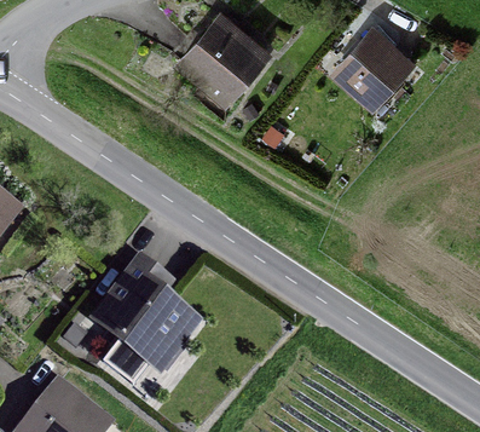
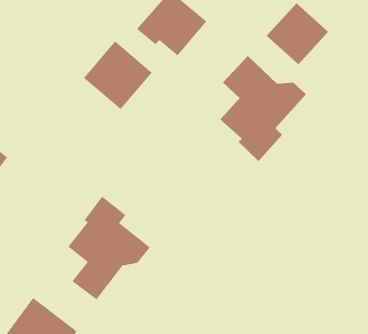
building: none -> [83,41,152,110]
building: none -> [220,55,307,162]

